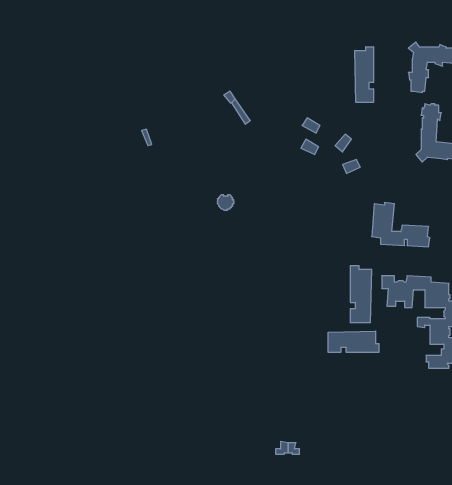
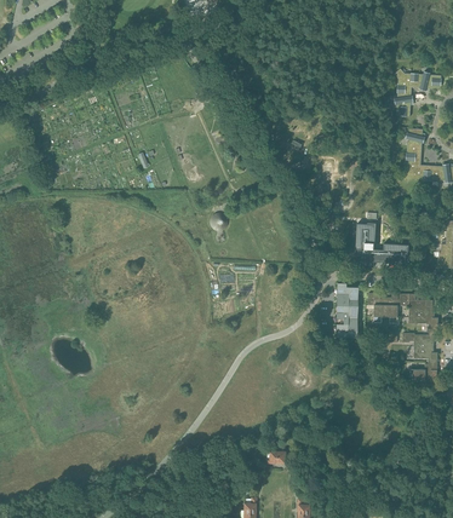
building: [355,47,373,102] -> none
building: [328,331,379,352] -> none

